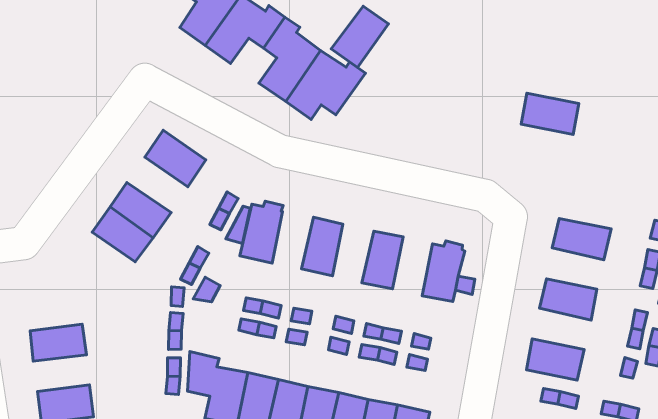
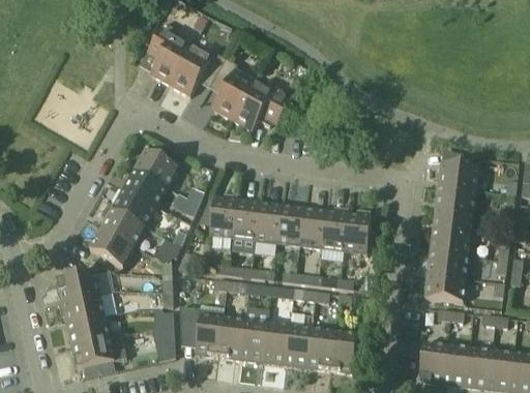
building: [331,6,388,67] -> none
building: [521,93,579,135] -> [438,163,478,190]
building: none -> [122,170,167,208]
building: none -> [233,200,260,240]
building: none -> [277,205,304,246]
building: none -> [89,228,134,267]
building: none -> [322,207,348,251]
building: none -> [433,208,473,235]
building: none -> [57,272,99,303]
building: none -> [426,252,468,279]
building: none -> [66,316,109,346]

